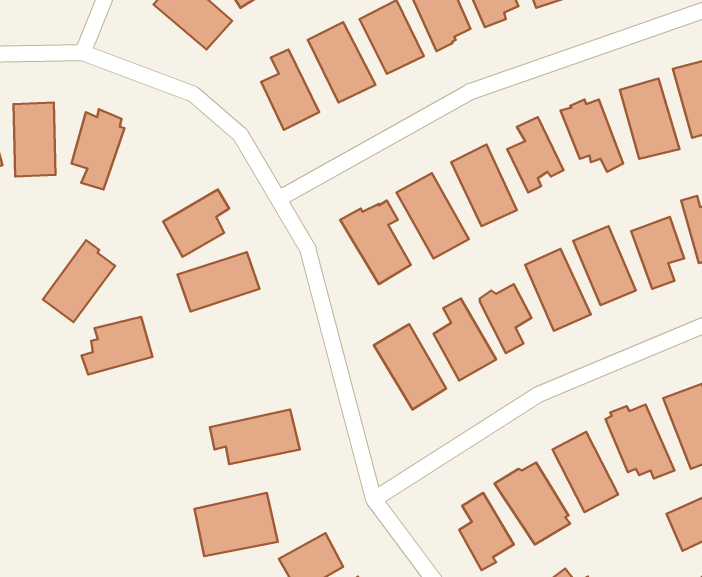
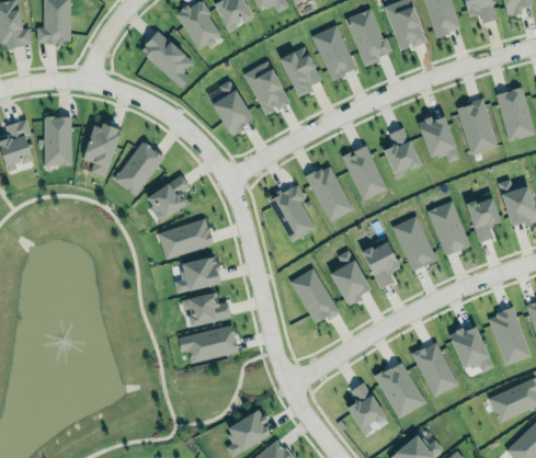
building: [43,240,115,322] -> [112,139,161,195]
building: [82,317,152,375] -> [172,254,220,294]
building: none -> [182,290,229,328]
building: [194,493,278,556] -> none

